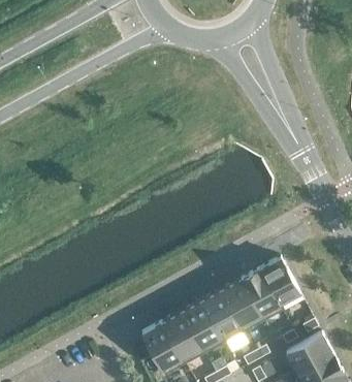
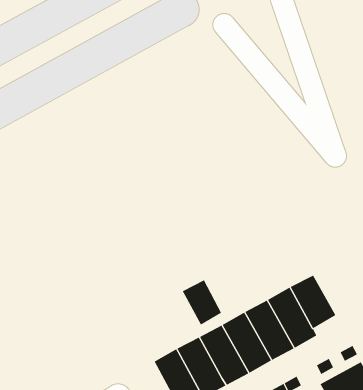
building: none -> [182,279,222,326]

